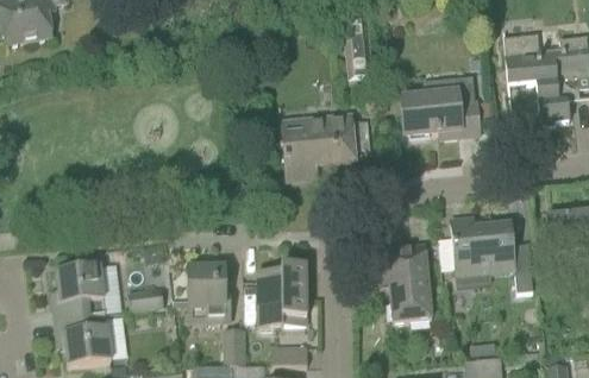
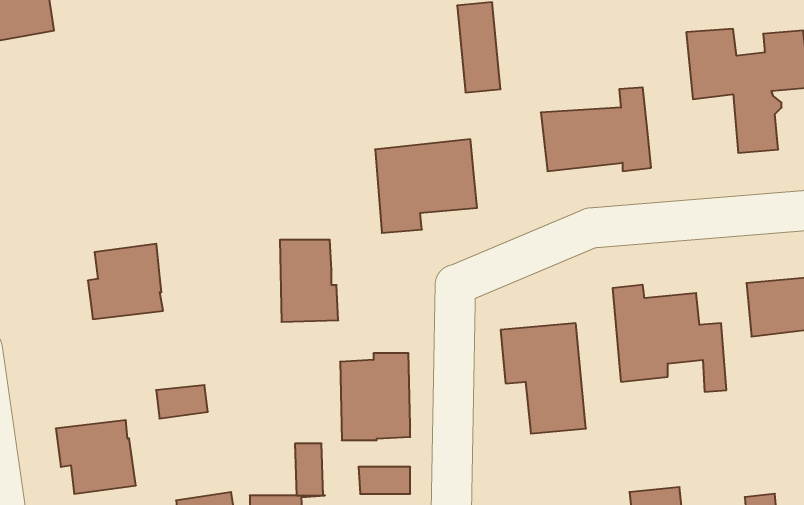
building: [51,264,105,317] -> [88,244,163,319]
building: [188,265,230,323] -> [280,240,338,322]

